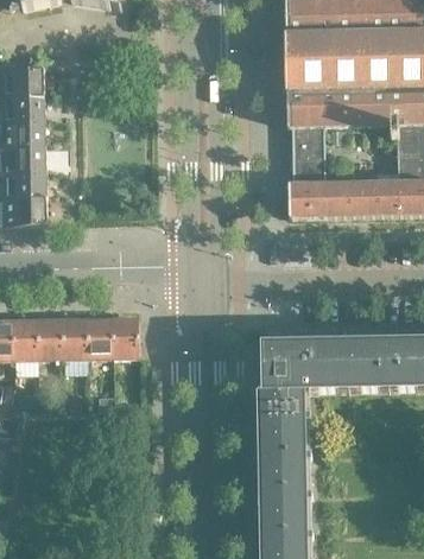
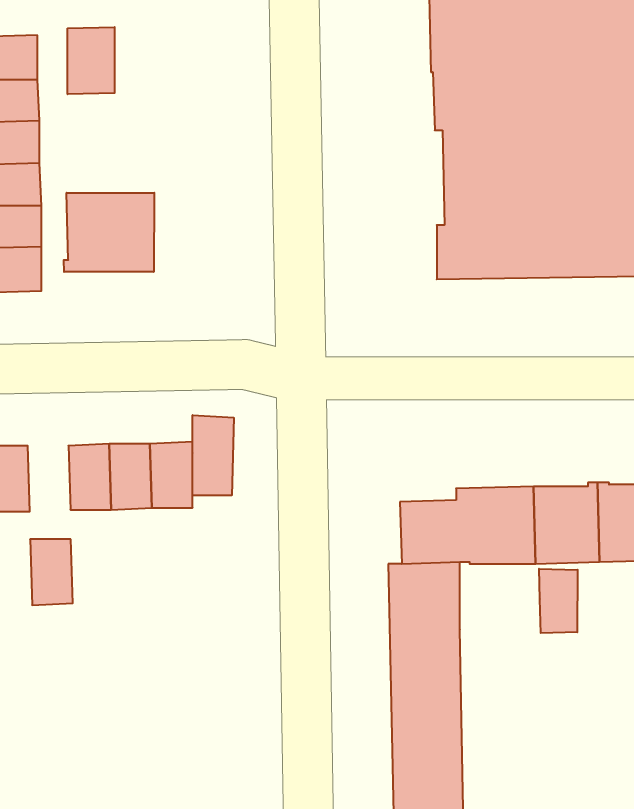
building: none -> [68,27,115,94]
building: none -> [64,193,154,272]
building: none -> [193,415,234,495]
building: [37,317,63,357] -> [30,539,73,605]
building: none -> [539,569,578,633]

